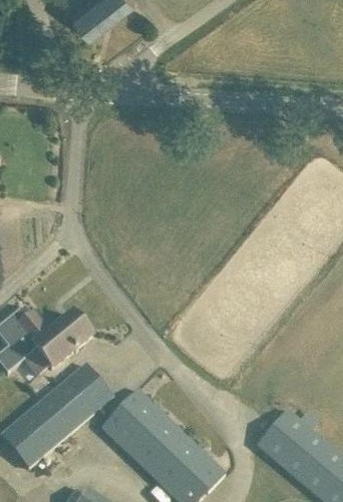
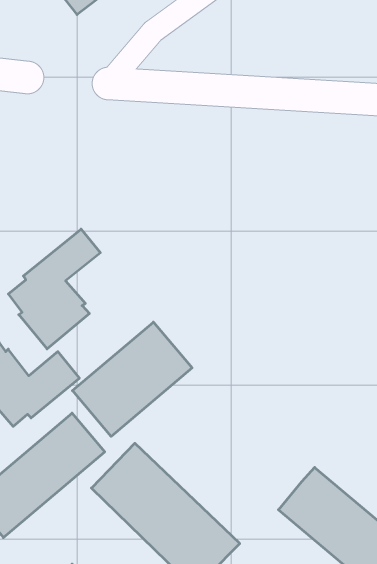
building: none -> [8,229,100,349]
building: none -> [72,322,192,436]

